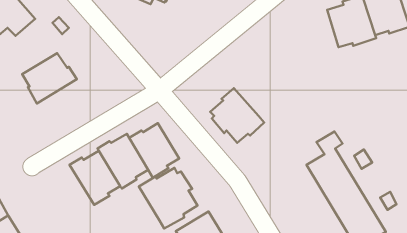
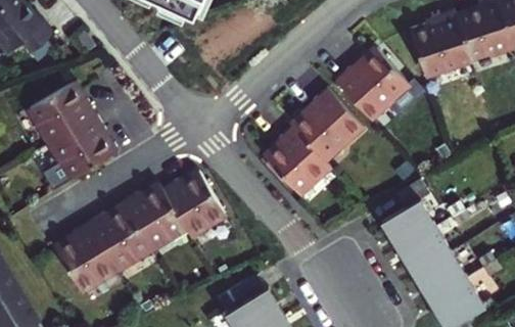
building: none -> [336,46,429,135]
building: none -> [291,88,365,161]
building: none -> [43,115,115,190]
building: none -> [54,223,119,291]
building: [139,168,198,229] -> none

